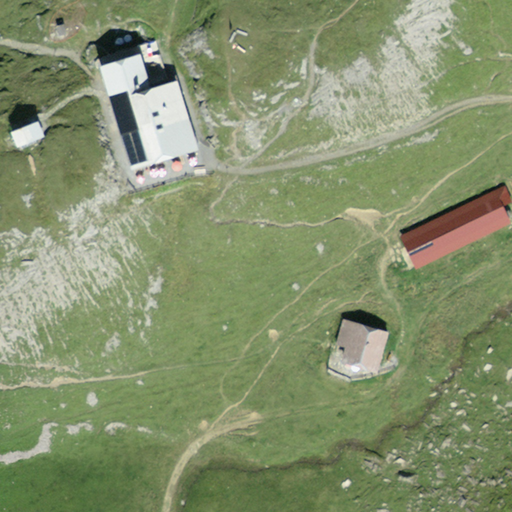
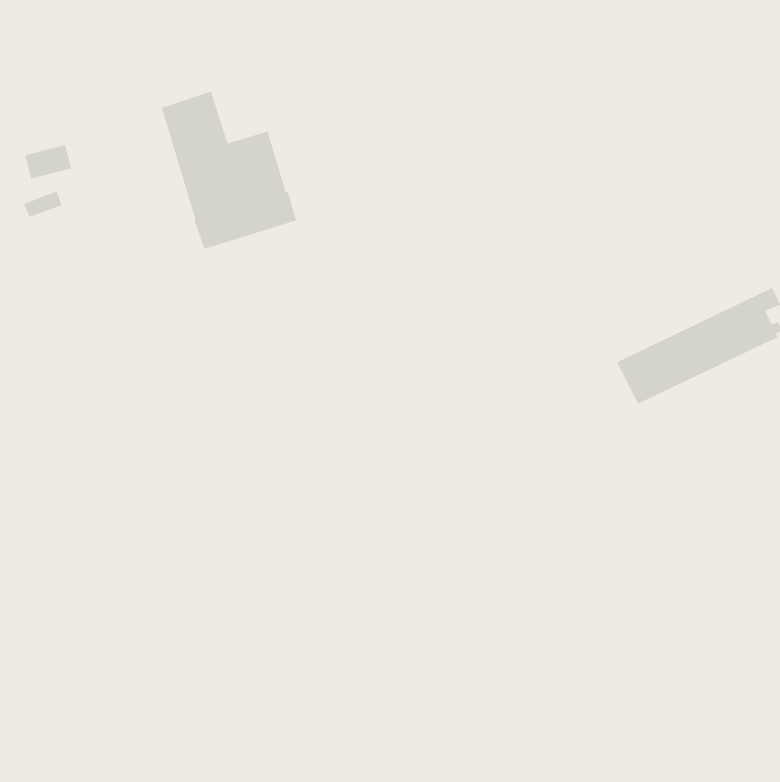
building: [339,318,390,366] -> none

